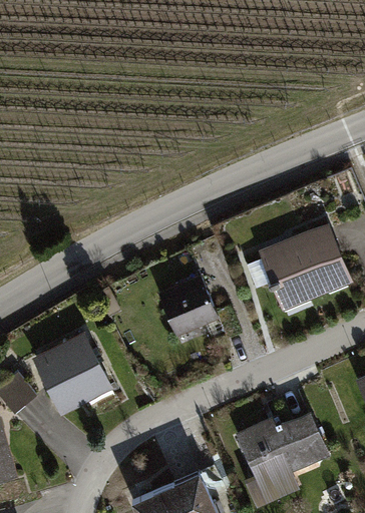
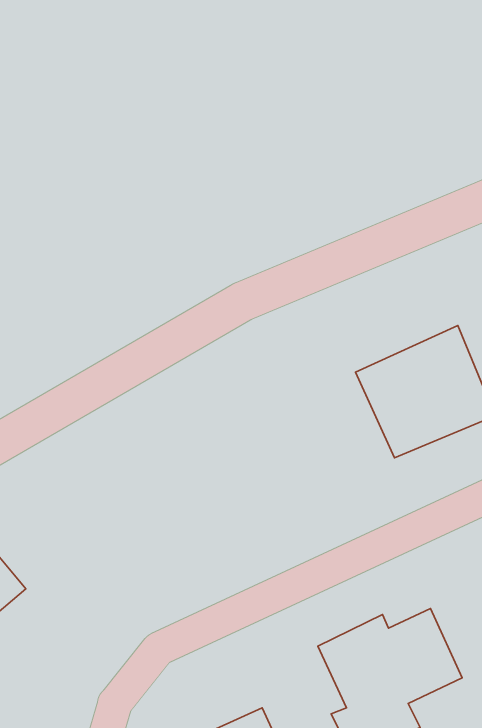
building: [158,277,217,336] -> none
building: [31,332,115,415] -> none

